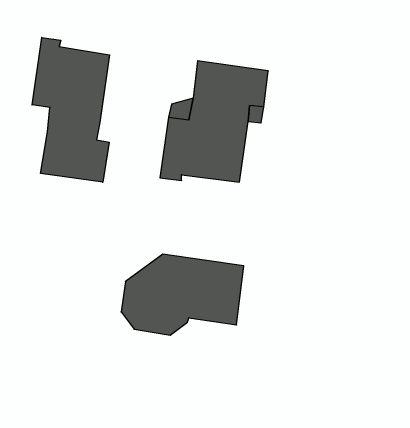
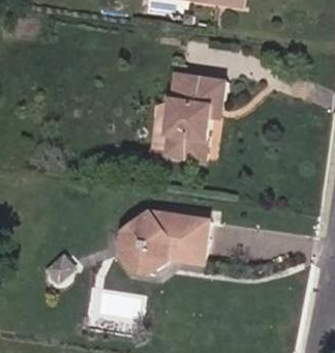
building: [32,37,110,182] -> none

